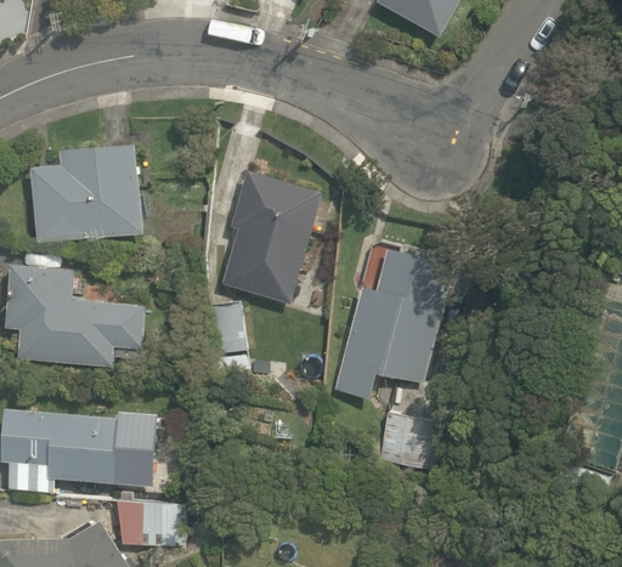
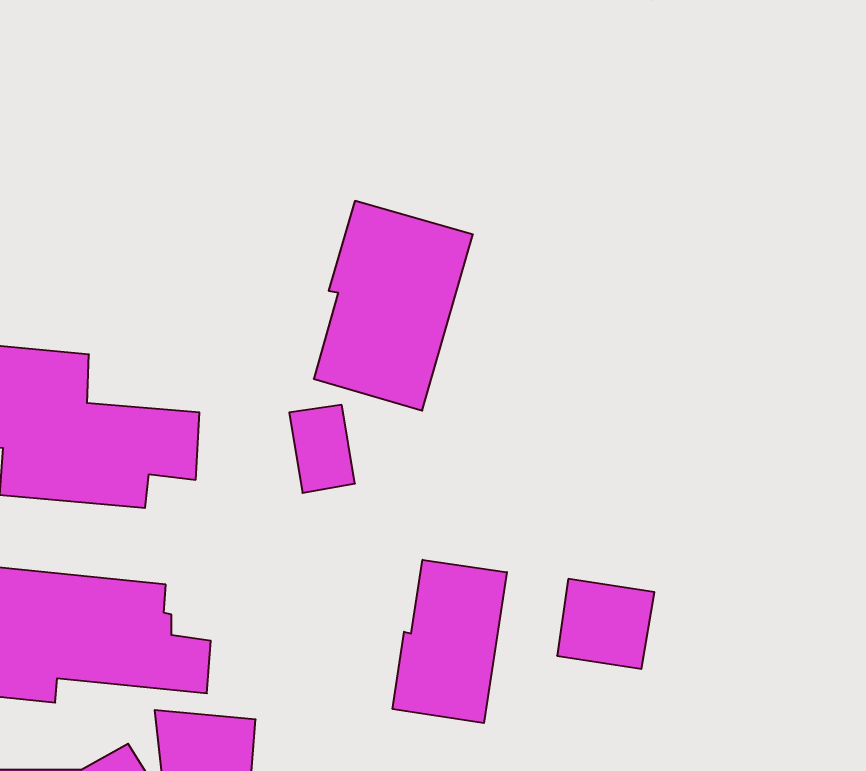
building: [30,141,142,242] -> none
building: [334,248,453,399] -> none
building: none -> [393,560,507,723]

